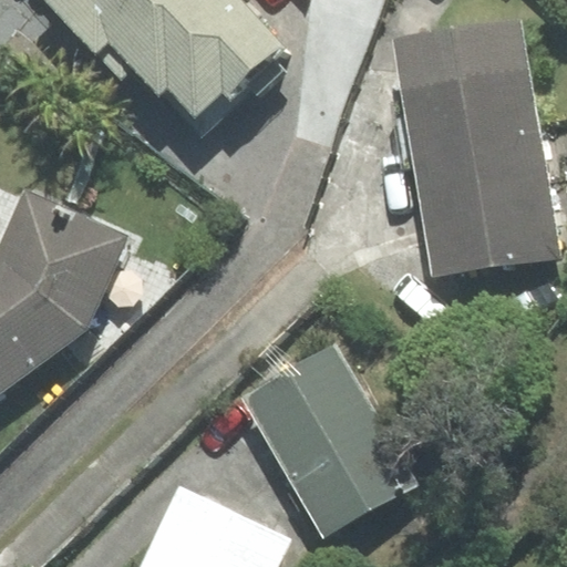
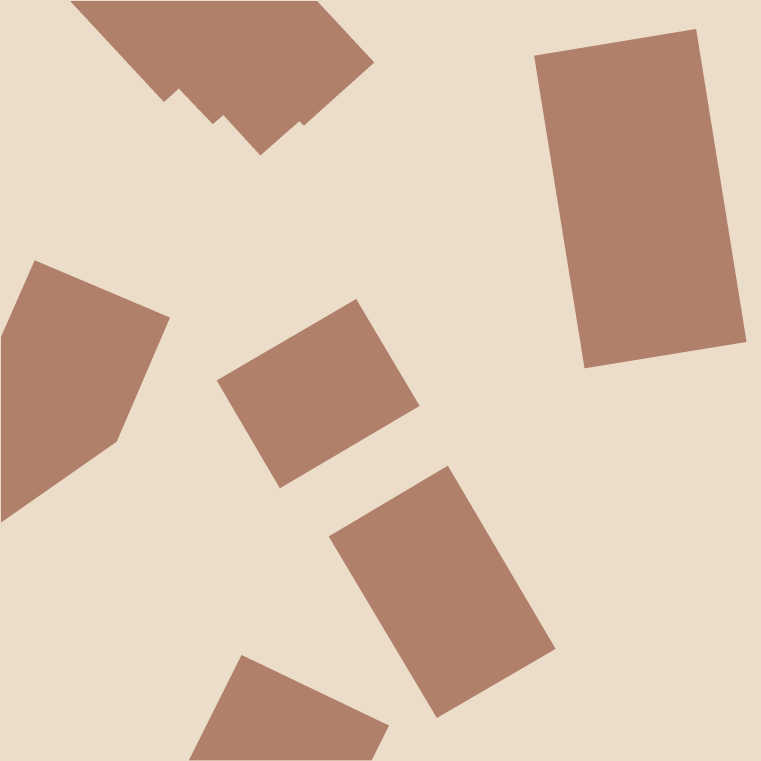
building: none -> [215,298,421,489]

